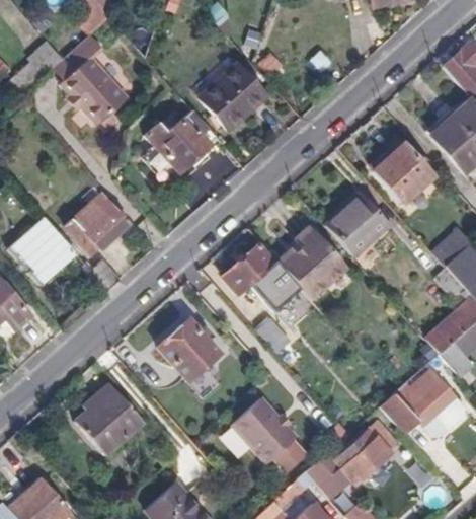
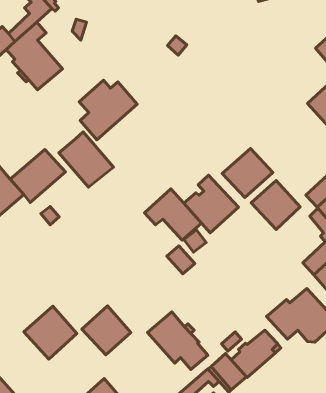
building: [202,62,267,128] -> none
building: [372,142,433,204] -> [251,180,300,229]
building: none -> [59,132,114,187]
building: [157,320,219,382] -> [82,306,131,355]

